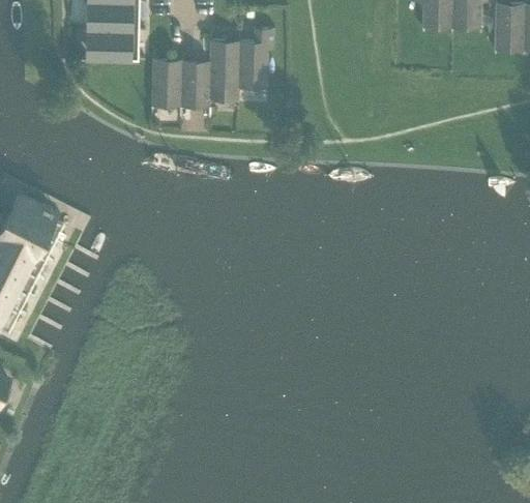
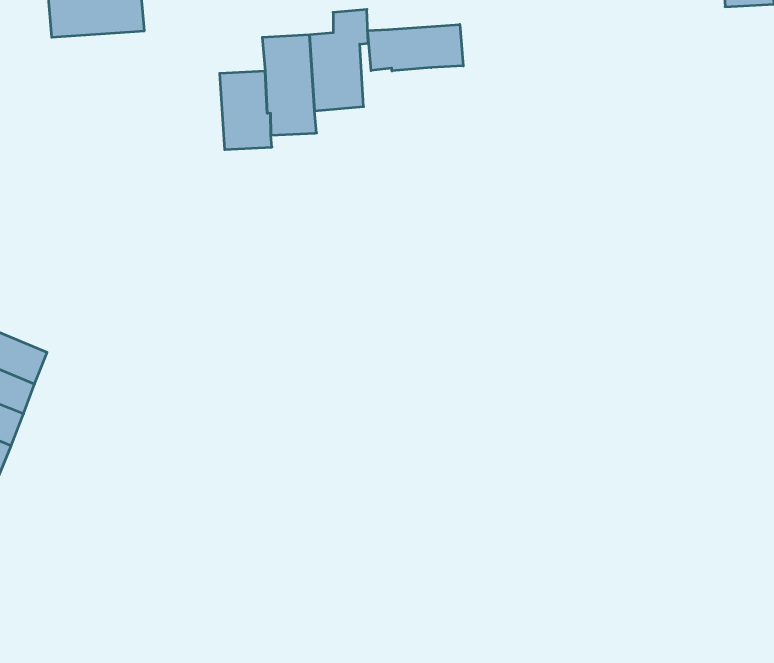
building: [80,30,138,60] -> none
building: none -> [368,24,463,71]
building: [150,61,181,108] -> none

